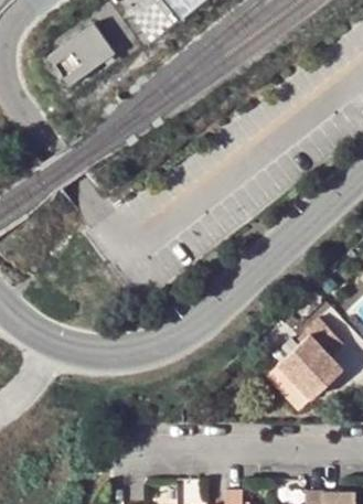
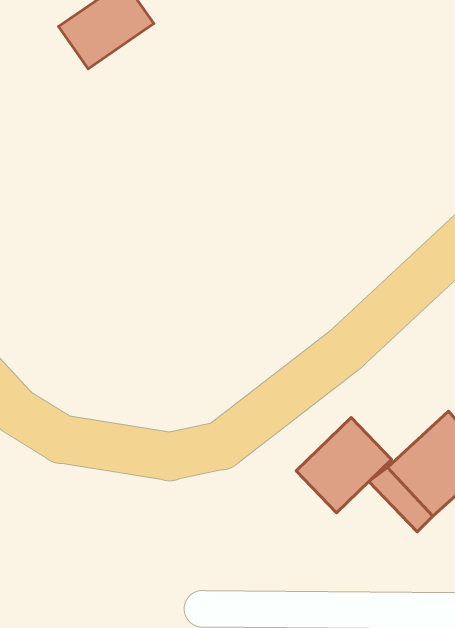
building: none -> [296,417,391,513]

